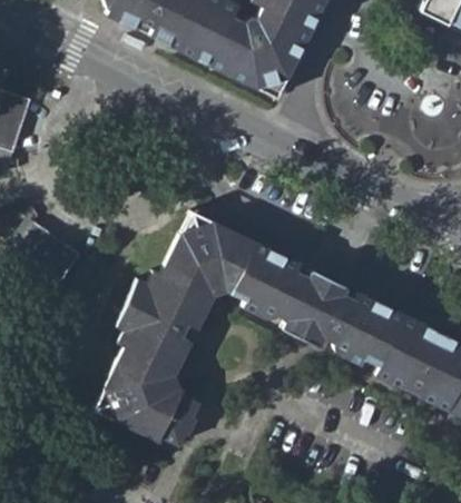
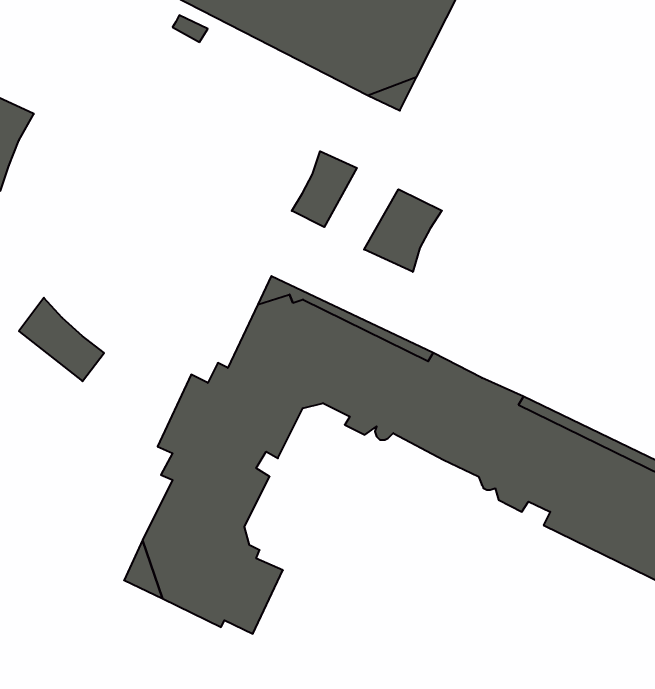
building: none -> [292,151,357,227]
building: none -> [364,189,442,272]

